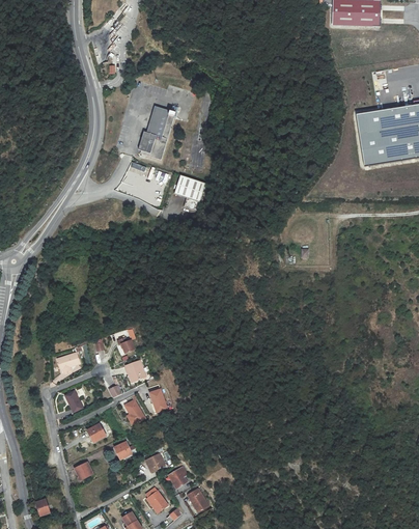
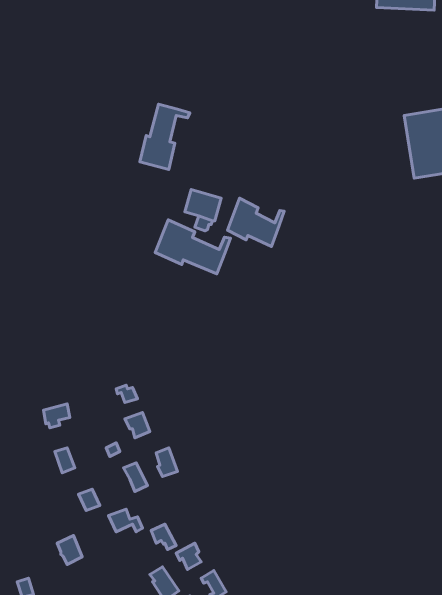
building: none -> [228,198,284,246]
building: none -> [155,220,230,274]

